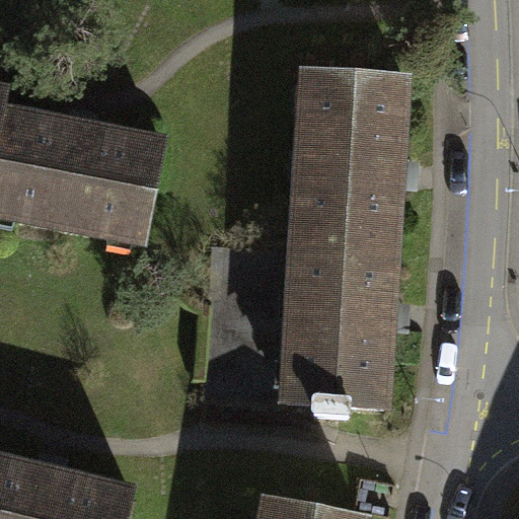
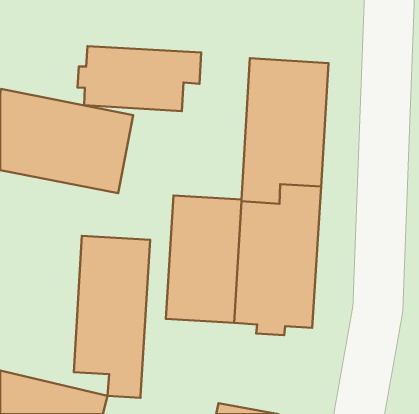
building: none -> [78,46,201,111]
building: none -> [74,236,150,398]

